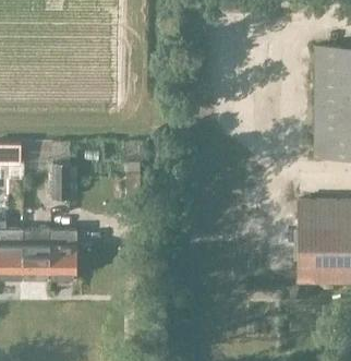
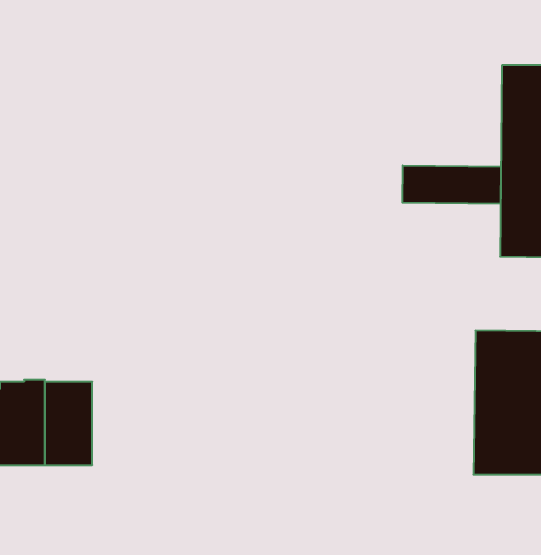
building: none -> [402,165,501,204]
building: [52,164,71,198] -> none

